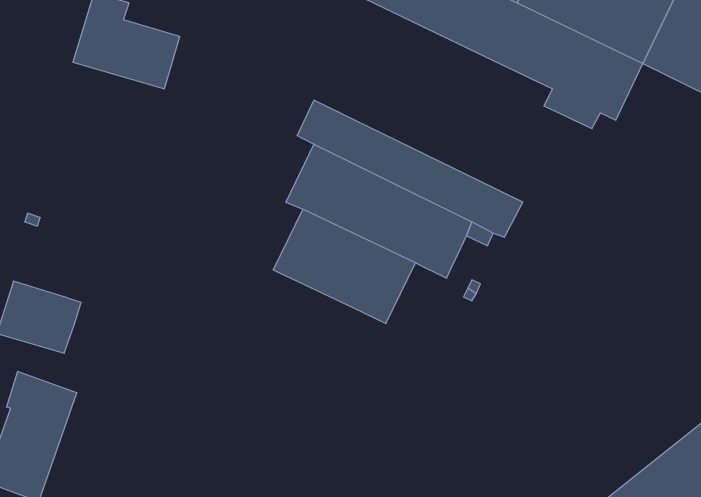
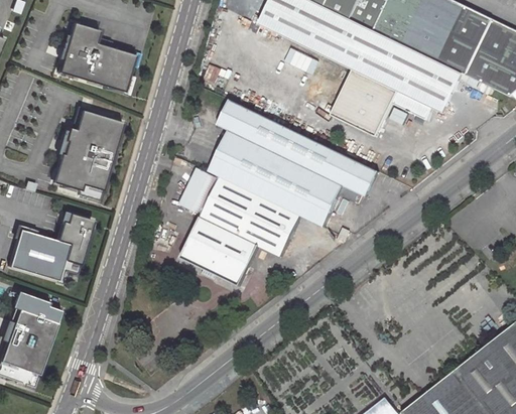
building: none -> [332,67,400,134]
building: none -> [50,109,121,195]
building: none -> [185,173,216,215]
building: none -> [51,213,88,264]
building: none -> [181,220,258,286]

